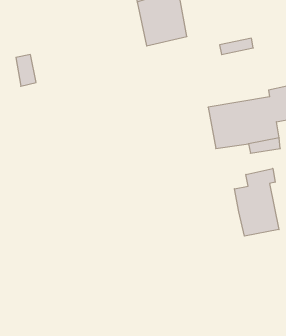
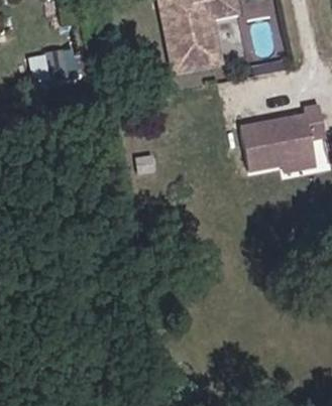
building: [234,168,279,236] -> none

